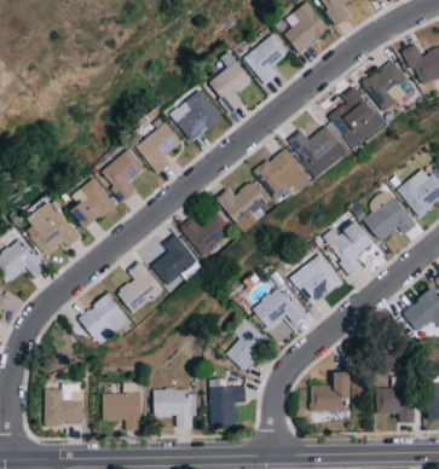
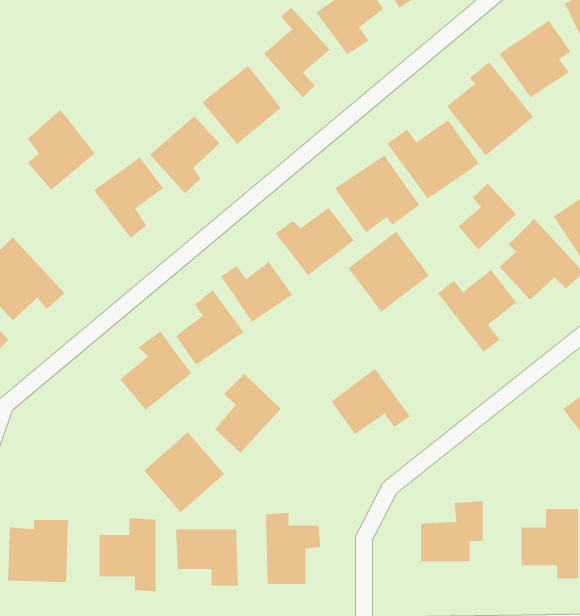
building: none -> [457,183,517,250]
building: [71,176,116,230] -> [27,109,96,191]
building: [290,253,343,306] -> [348,231,430,313]
building: [77,293,131,346] -> [143,431,225,513]
building: [226,318,270,370] -> [214,373,282,454]

